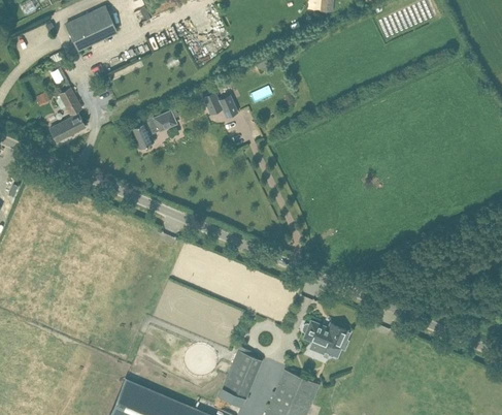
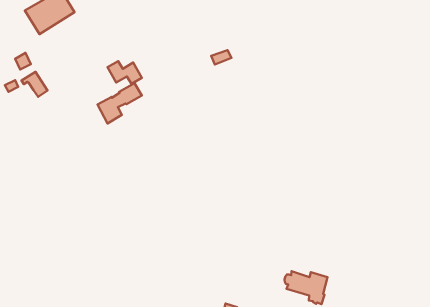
building: [203,93,237,118] -> [108,61,142,84]
building: [51,115,85,142] -> none

